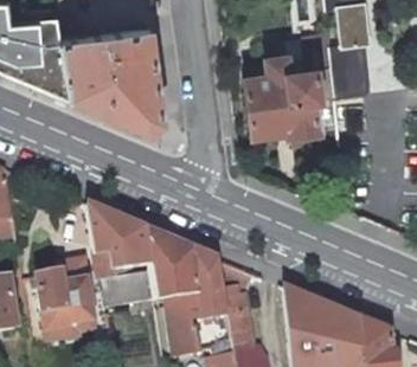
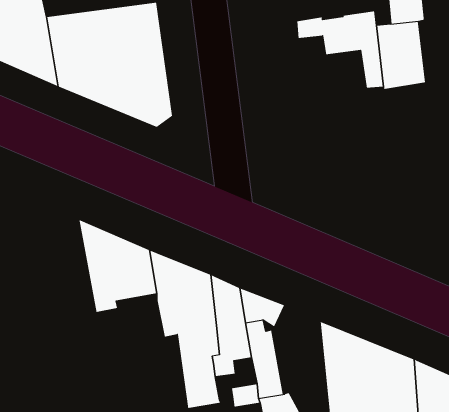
building: [245,53,321,133] -> none
building: [36,258,96,331] -> none
building: [101,269,156,307] -> none

